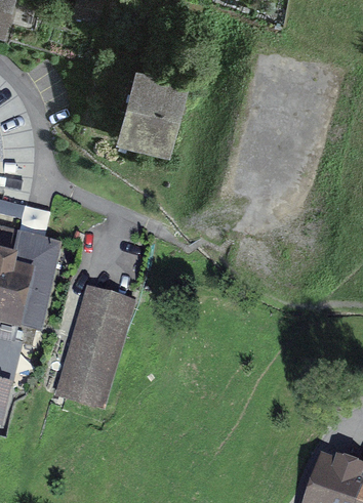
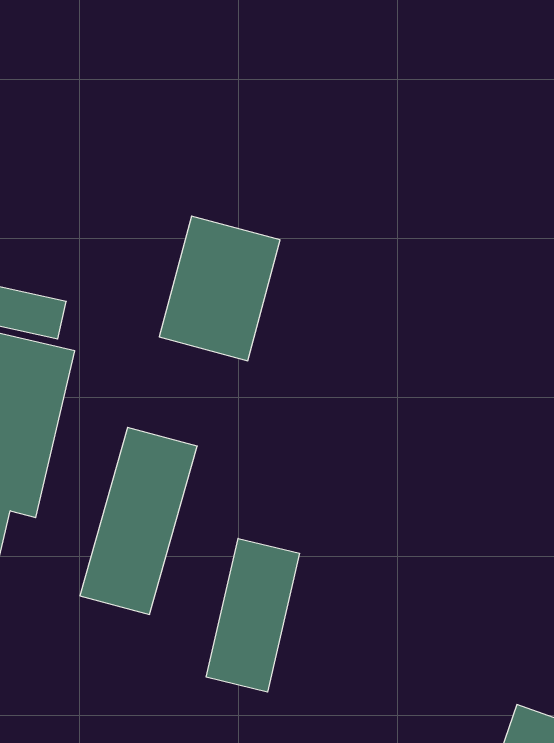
building: [117,65,190,152] -> [159,216,280,361]
building: none -> [206,538,299,692]

